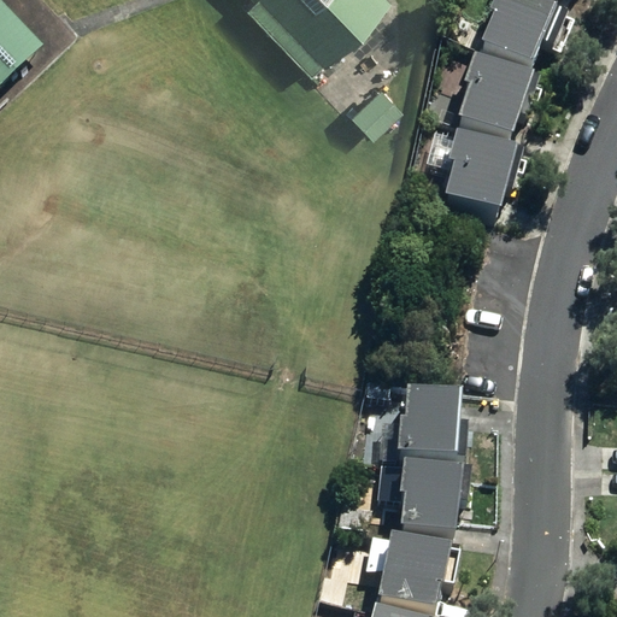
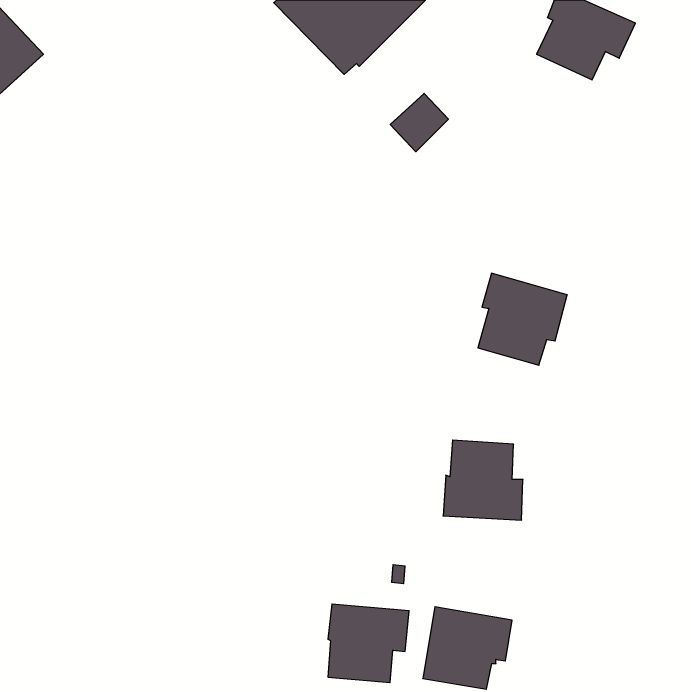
building: [454,59,537,141] -> none
building: [441,136,521,218] -> [478,273,567,365]
building: [396,468,469,537] -> [328,604,409,683]

